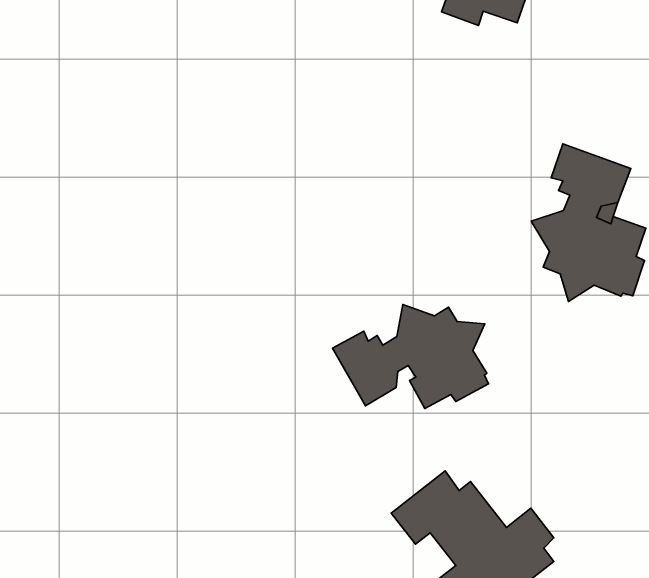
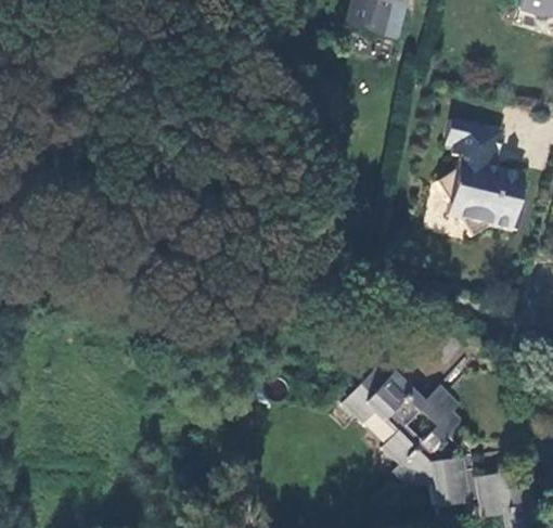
building: [332,305,488,408] -> none

